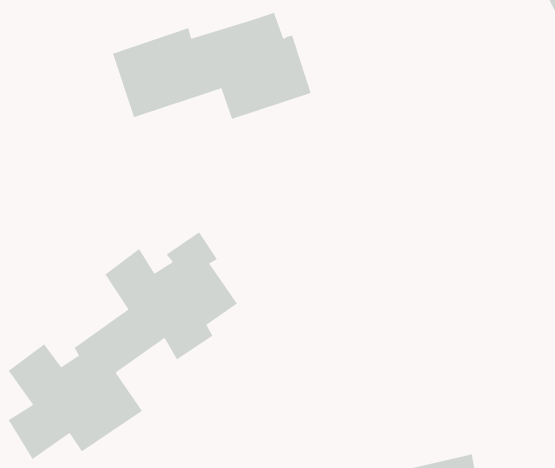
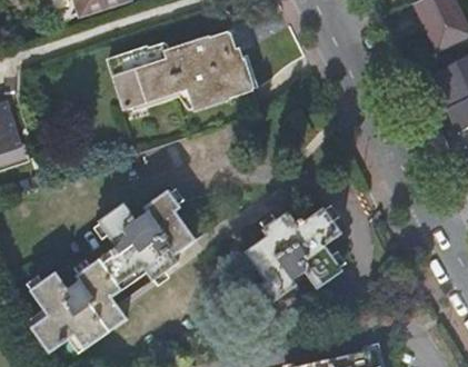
building: none -> [245,207,343,300]

